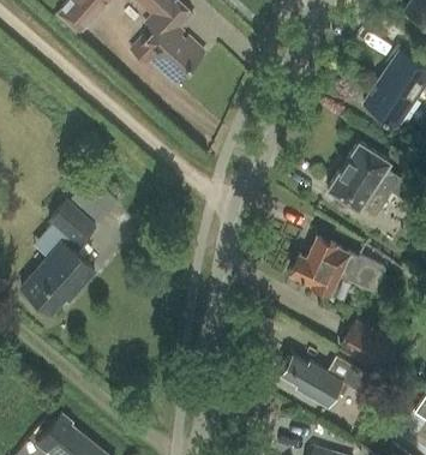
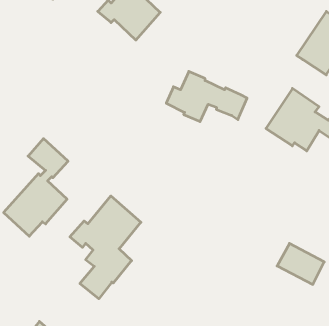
building: [290,237,385,295] -> [166,71,247,122]
building: none -> [70,196,141,299]
building: [281,355,371,407] -> none

